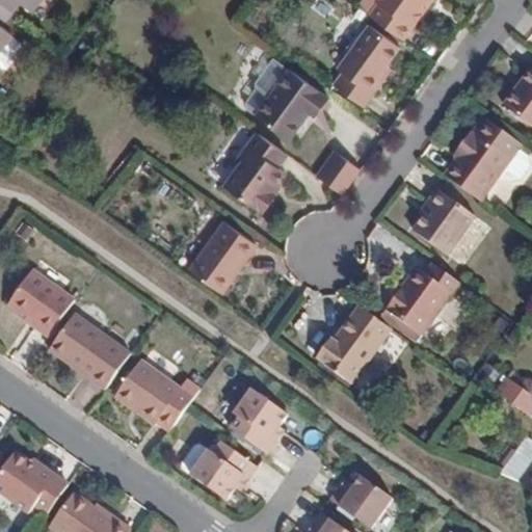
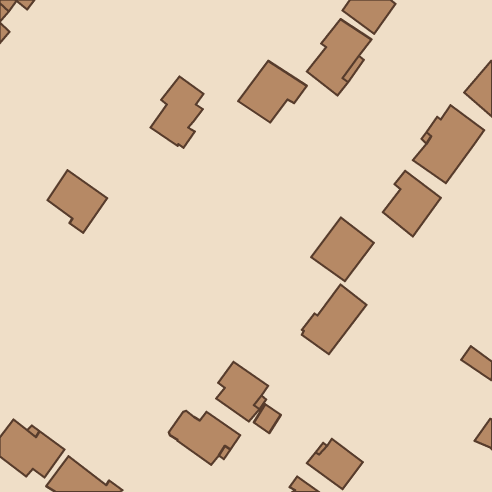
building: [229,129,286,206] -> [151,77,204,148]
building: [314,147,361,192] -> none
building: [191,218,255,288] -> none
building: [389,261,456,329] -> [311,218,374,281]
building: [8,272,73,340] -> [47,170,107,233]
building: [52,314,131,389] -> none
building: [113,363,193,435] -> none

